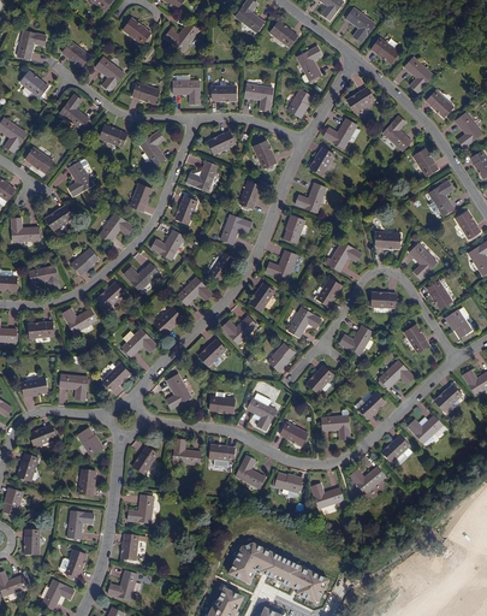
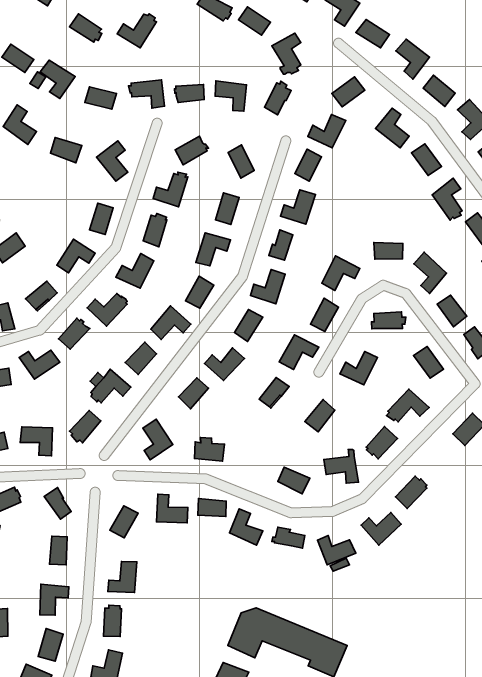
building: [69,159,94,196] -> none
building: [247,393,277,430] -> none
building: [408,415,445,443] -> none

